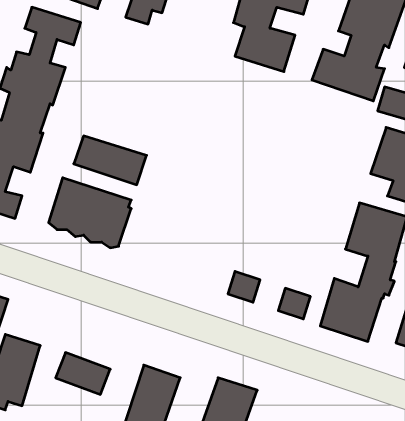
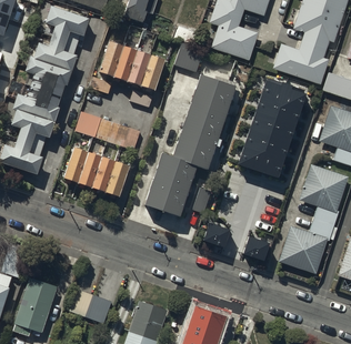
building: none -> [138,34,242,226]
building: none -> [98,45,164,107]
building: none -> [240,79,308,175]

